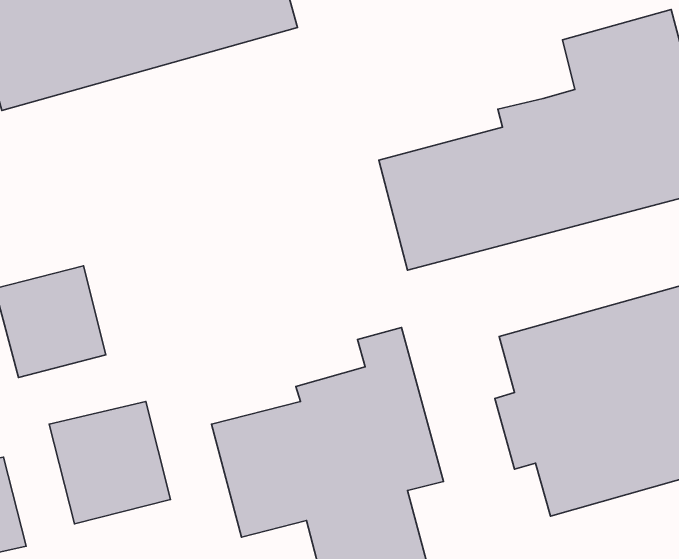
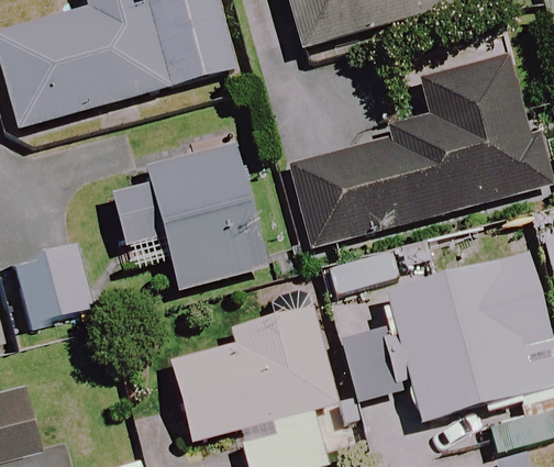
building: none -> [117,144,266,288]
building: [49,401,170,524] -> none

